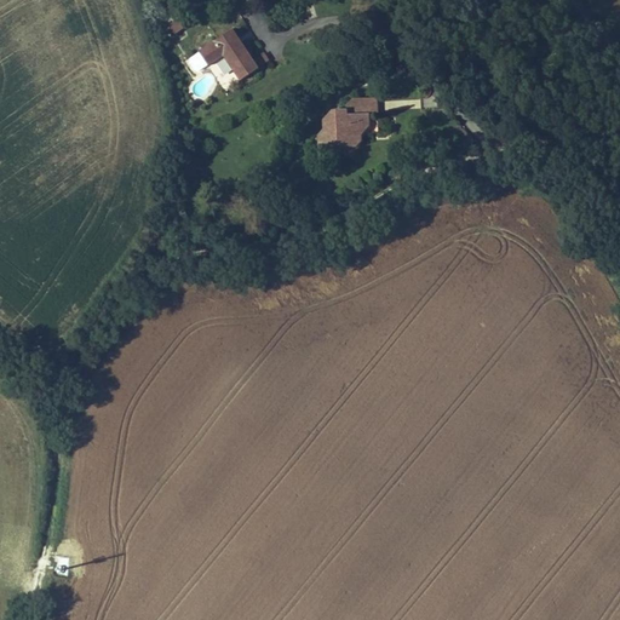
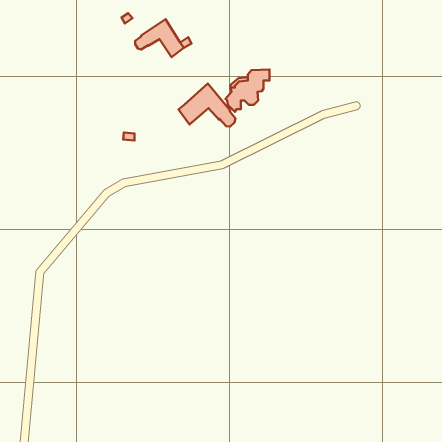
building: none -> [179,84,236,126]

